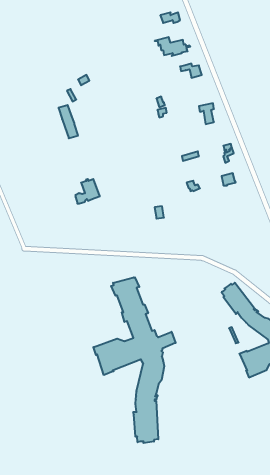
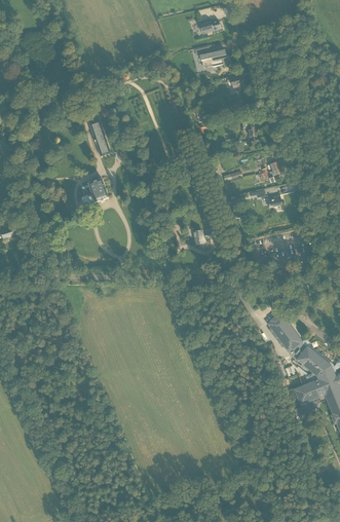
building: [75,179,100,204] -> [81,178,108,204]
building: [93,277,176,443] -> none

